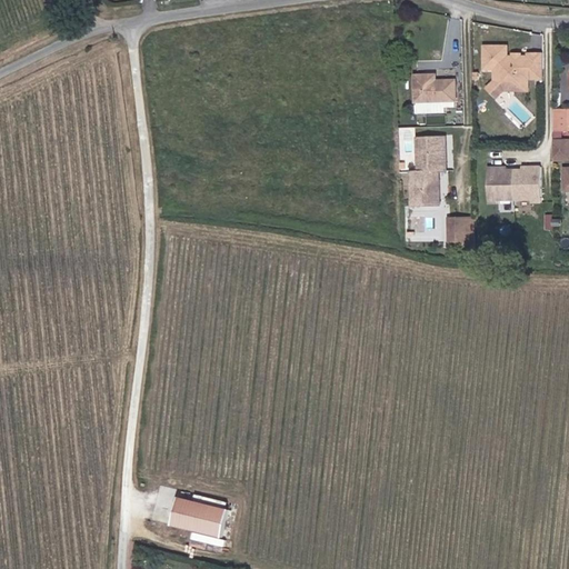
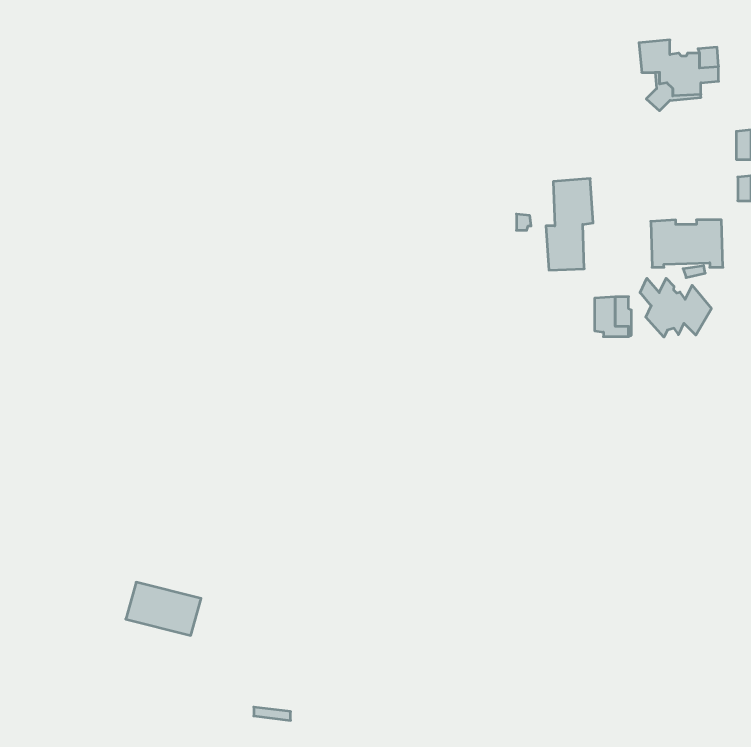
building: [411,67,452,96] -> none
building: none -> [640,278,711,337]
building: [162,495,219,535] -> [126,582,201,635]

